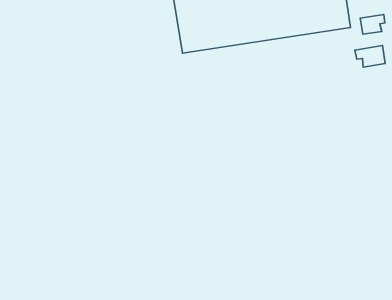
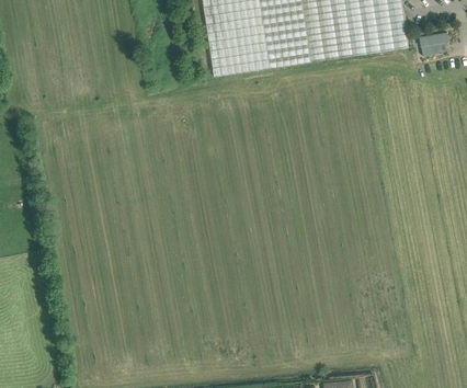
building: [355,46,385,67] -> none

